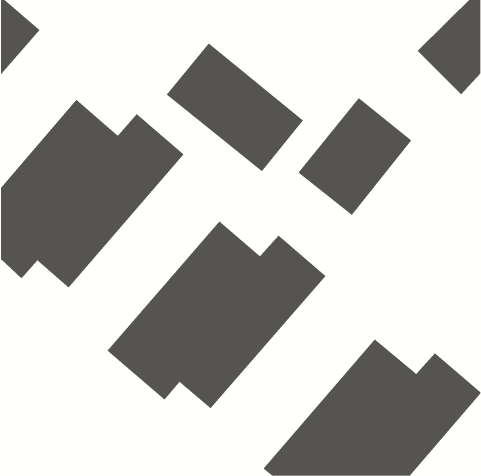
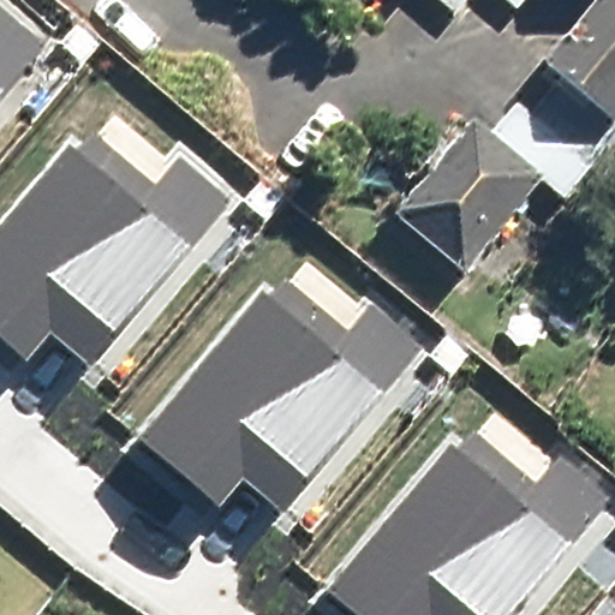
building: [166,43,304,172] -> none

